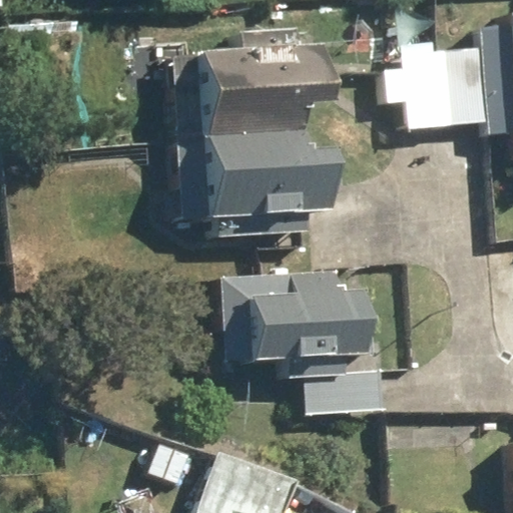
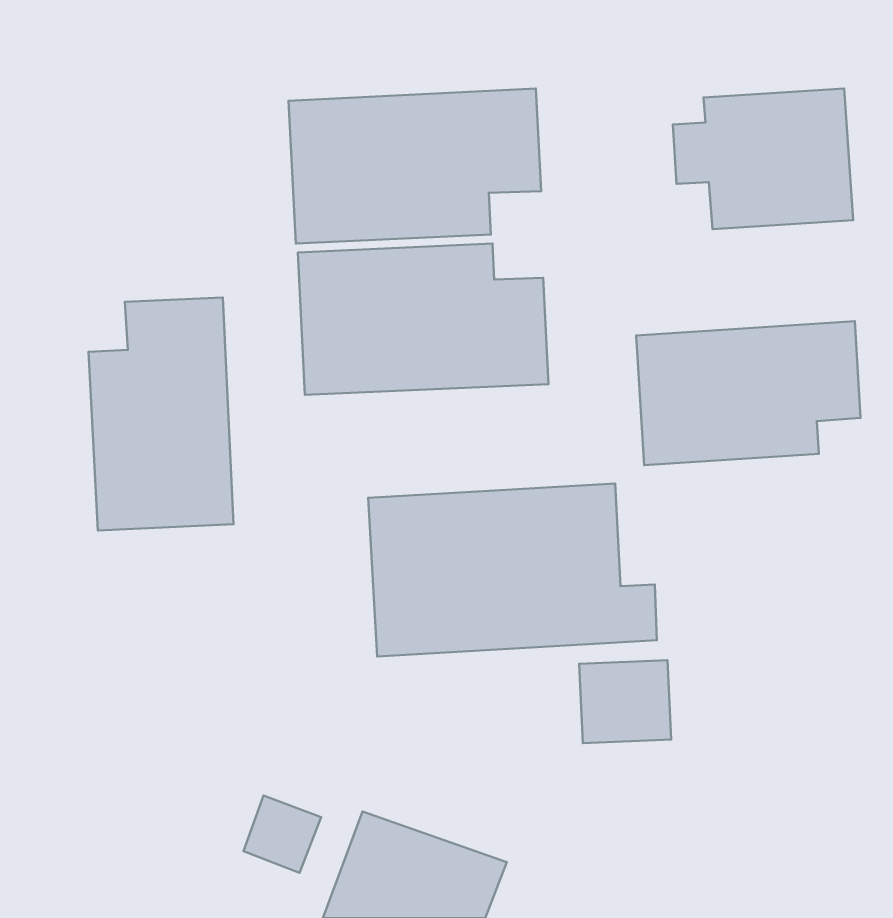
building: none -> [89,297,233,531]
building: none -> [636,321,861,465]

